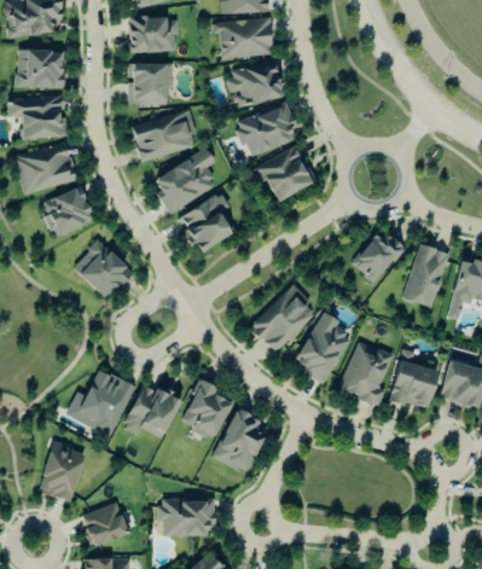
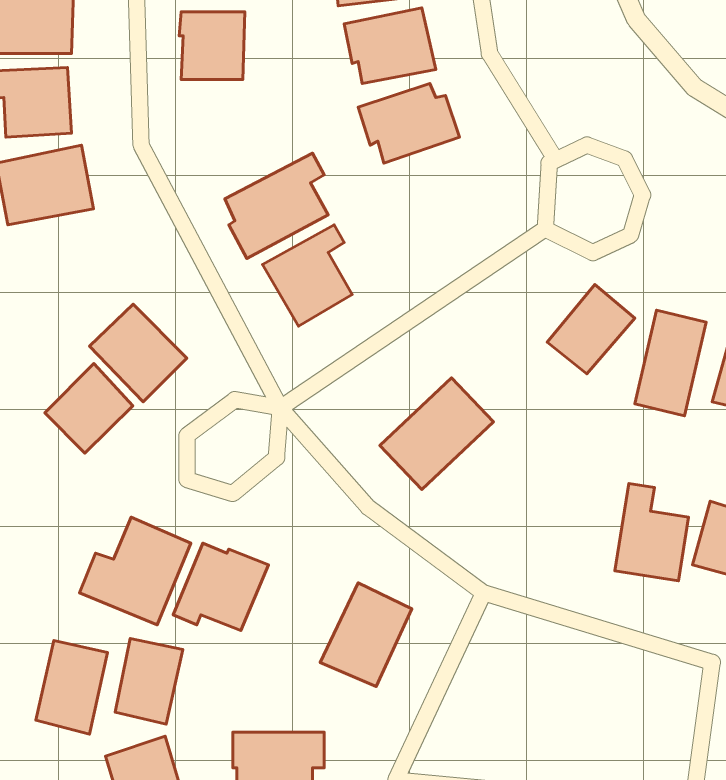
building: [132,110,198,161] -> none
building: [255,146,317,201] -> none
building: [41,186,94,236] -> none
building: none -> [45,364,133,453]
building: [296,314,354,385] -> none
building: [338,342,393,407] -> none
building: [181,379,232,440] -> none
building: none -> [115,639,183,724]

